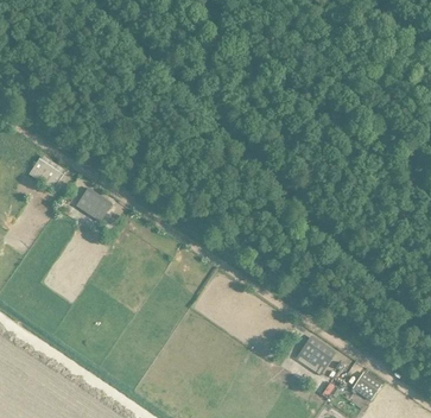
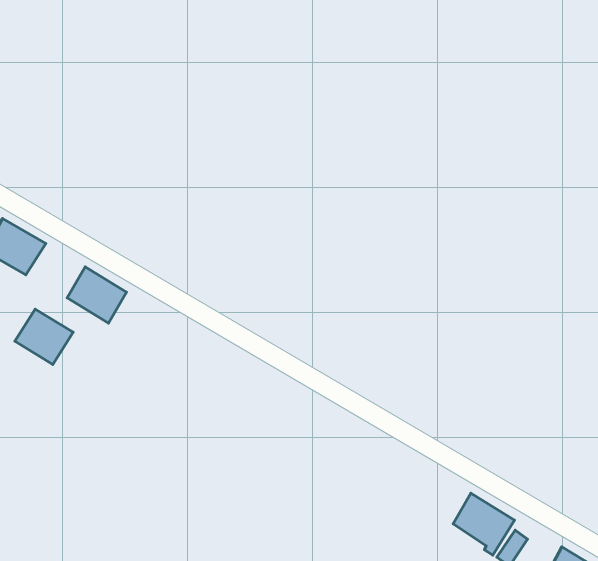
building: none -> [15,309,73,364]

